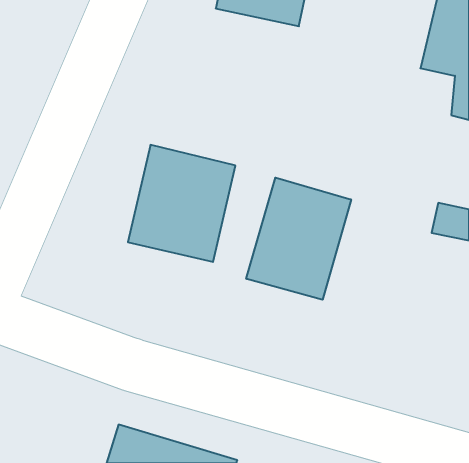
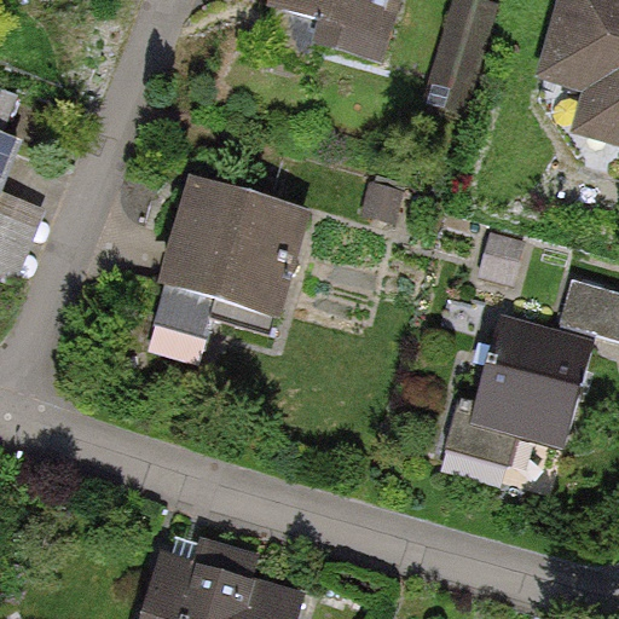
building: [246,178,351,300] -> none
building: none -> [470,317,597,449]

